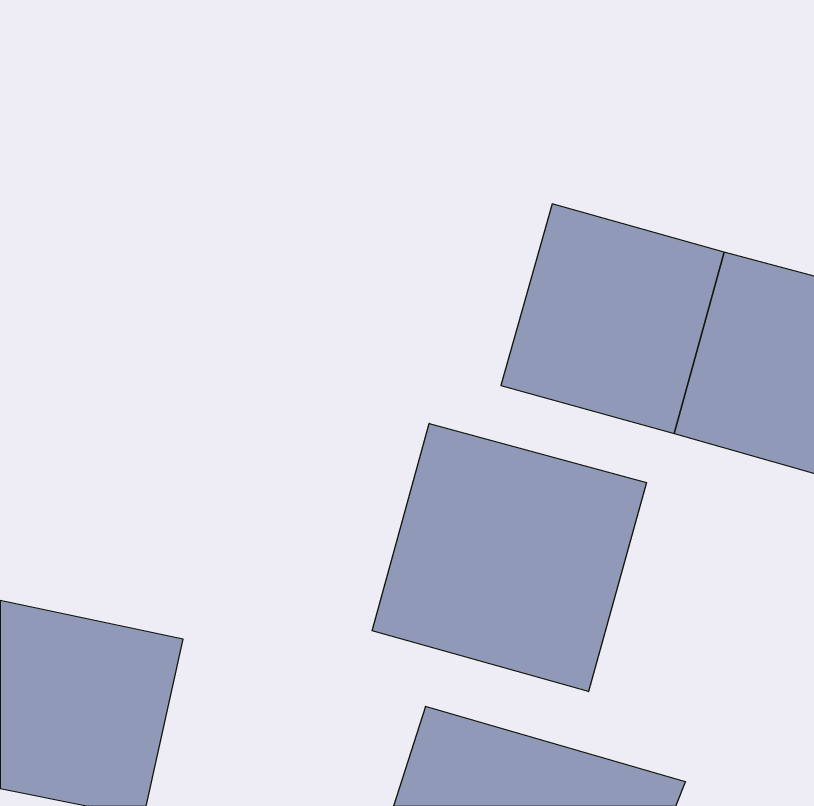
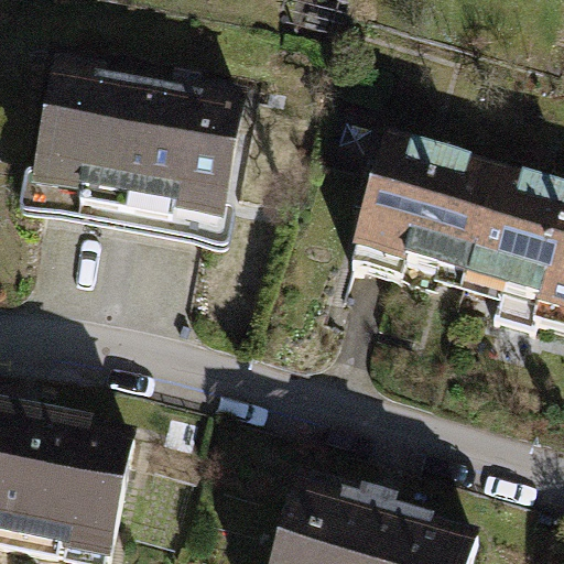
building: none -> [29,65,237,231]
building: [372,423,647,692] -> none

